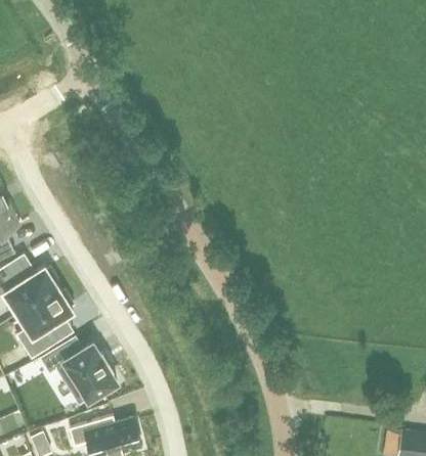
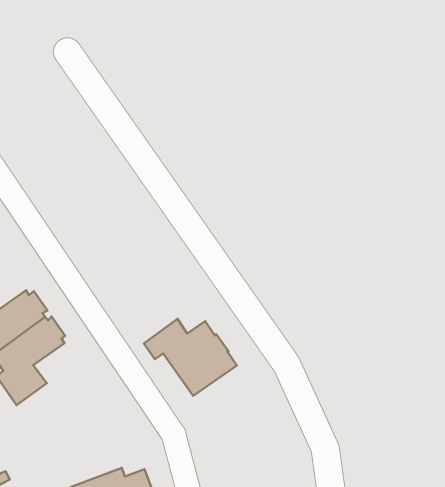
building: [41,340,116,404] -> [144,319,237,396]

